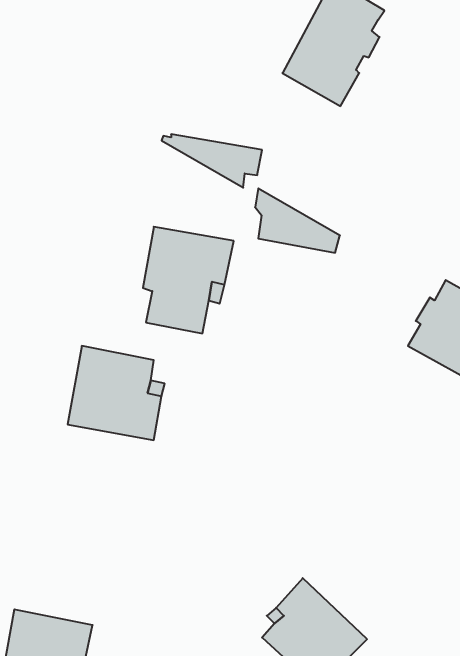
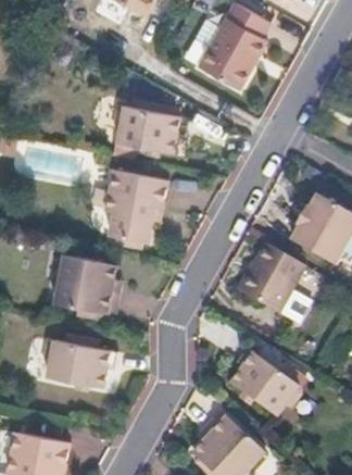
building: [255,188,340,253] -> [117,104,176,149]
building: none -> [235,246,303,318]
building: none -> [42,337,116,385]
building: none -> [229,347,301,414]

